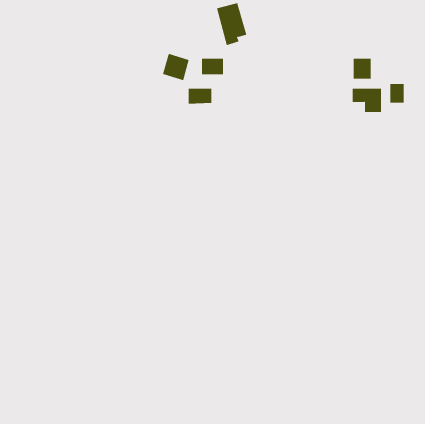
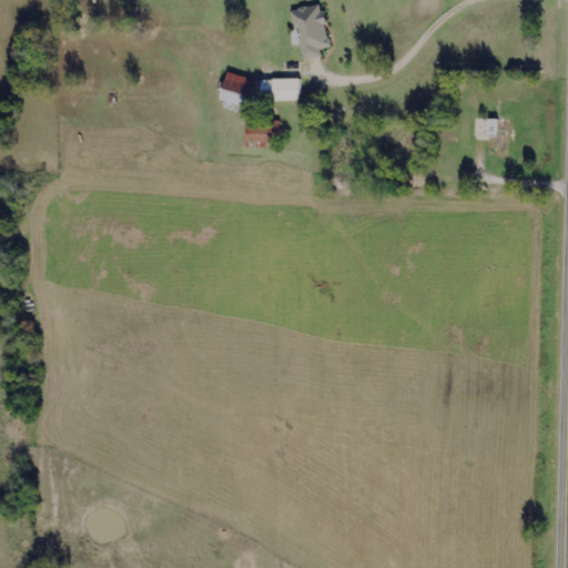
building: [353,58,371,79] -> none
building: [390,83,404,103] -> none

